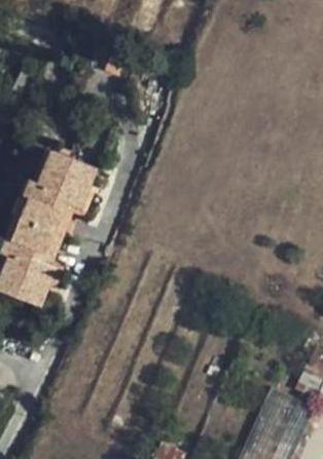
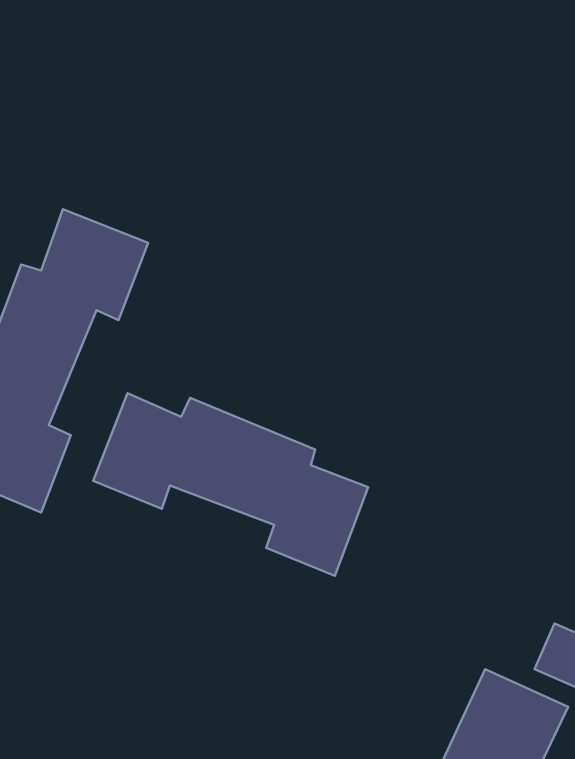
building: none -> [93,393,368,576]

